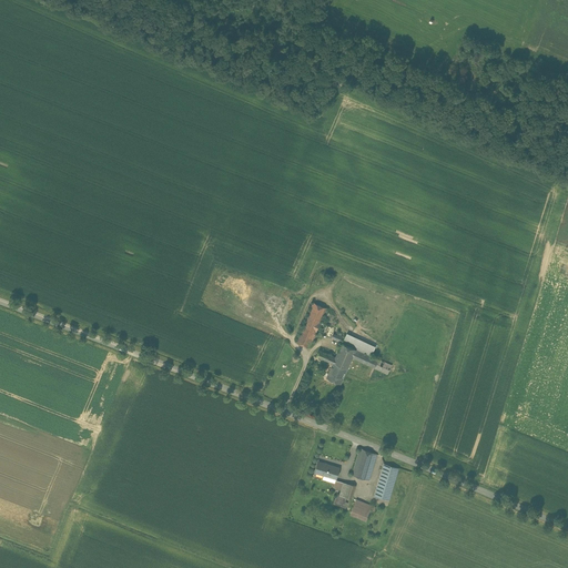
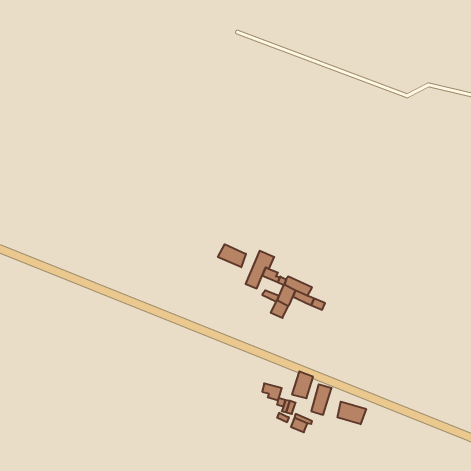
building: none -> [218,244,246,267]
building: none -> [337,402,366,424]

